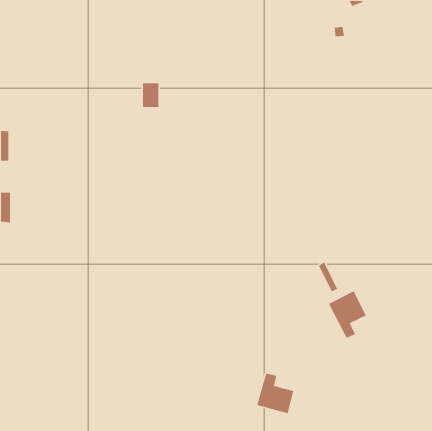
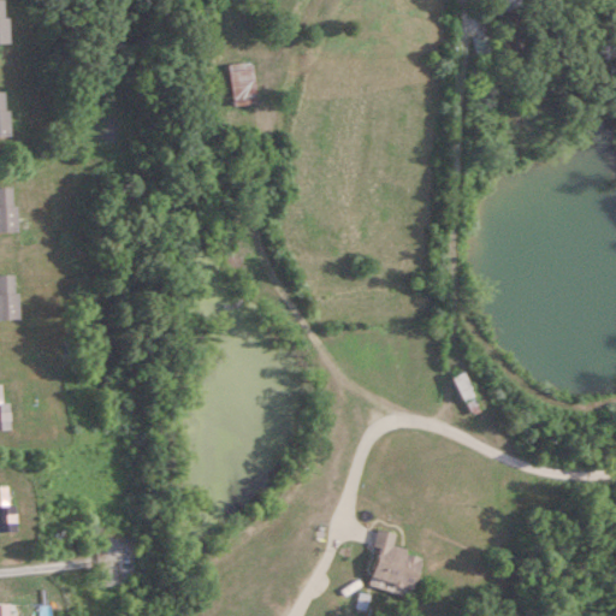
building: [142,82,159,108] -> [232,64,256,100]
building: [328,290,367,339] -> none

